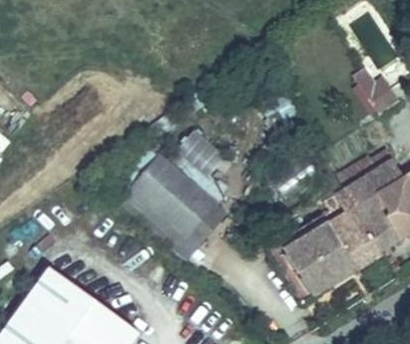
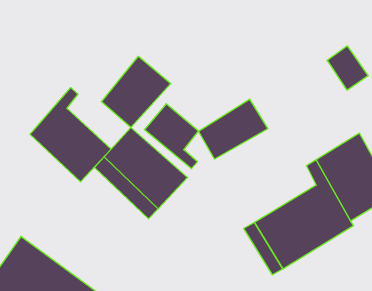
building: none -> [101,56,171,127]
building: none -> [30,88,111,182]
building: none -> [198,99,268,159]

